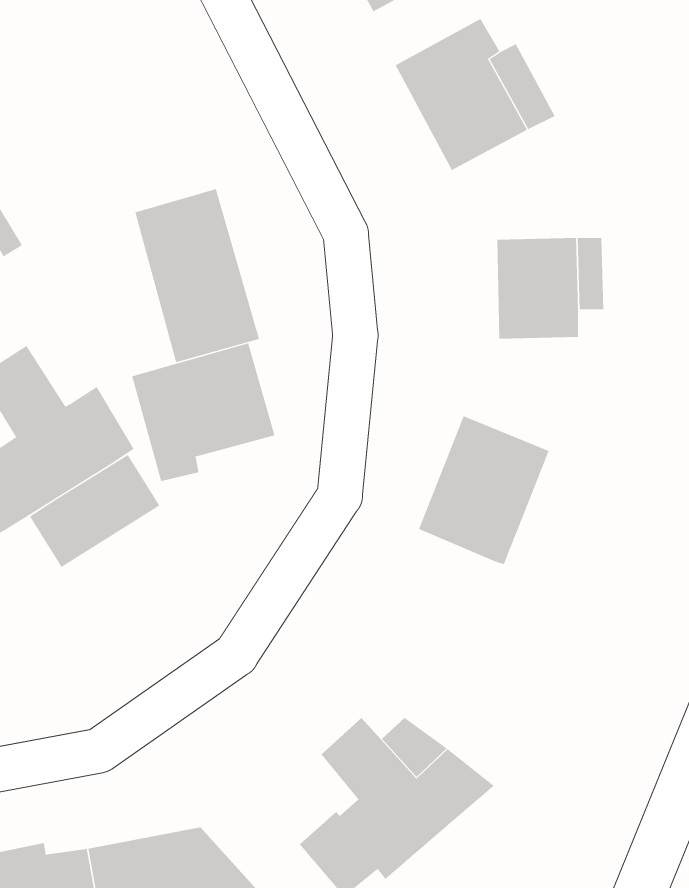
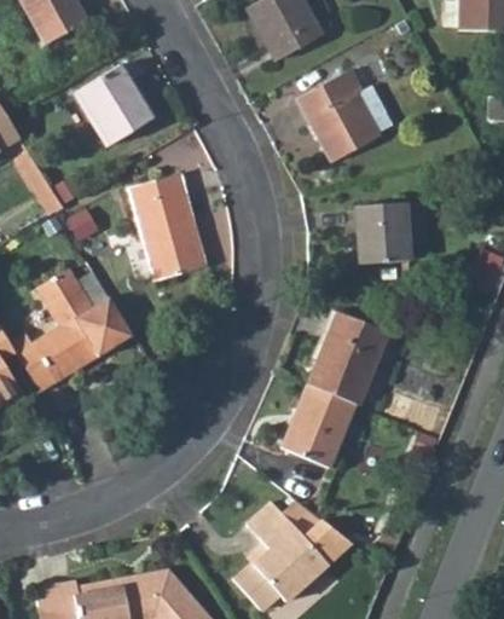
building: none -> [75,65,153,147]
building: [131,342,275,482] -> none
building: [29,454,160,568] -> none
building: none -> [277,383,354,475]

